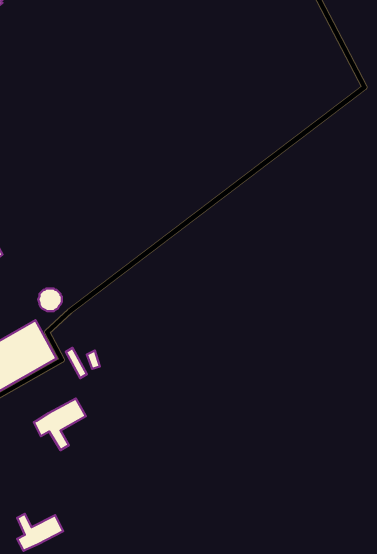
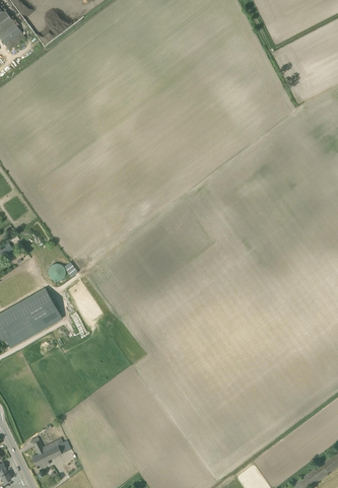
building: [34,398,86,450] -> none

